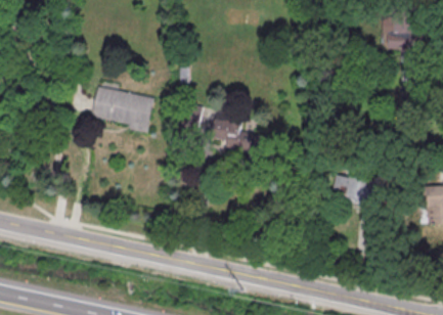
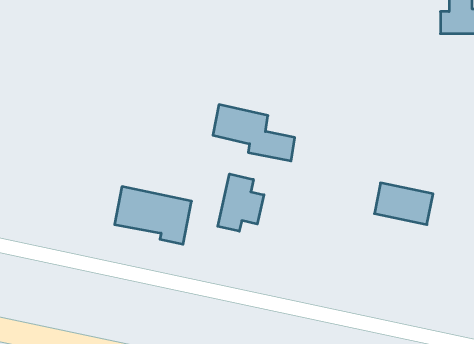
building: [88,85,152,133] -> [115,187,192,244]
building: none -> [218,174,264,231]

